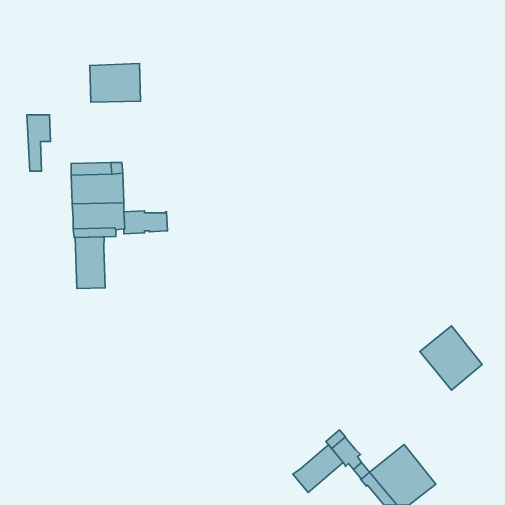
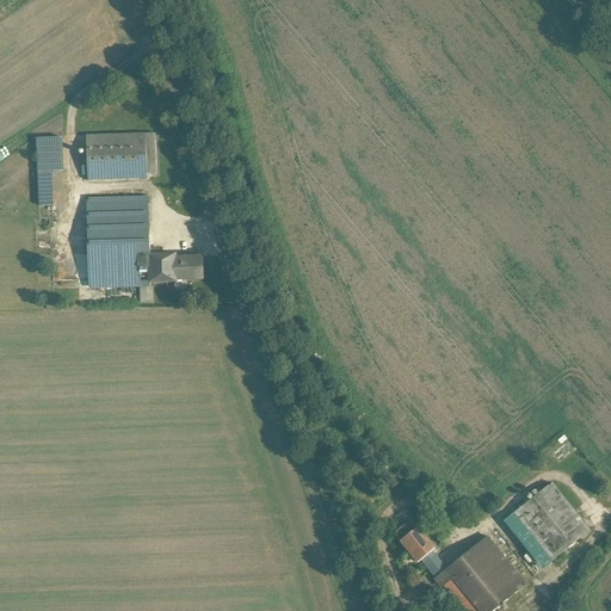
building: [90,64,140,102] -> [85,132,146,179]
building: [75,237,105,288] -> none
building: [420,326,482,390] -> [513,482,588,560]
building: [293,445,343,493] -> none

